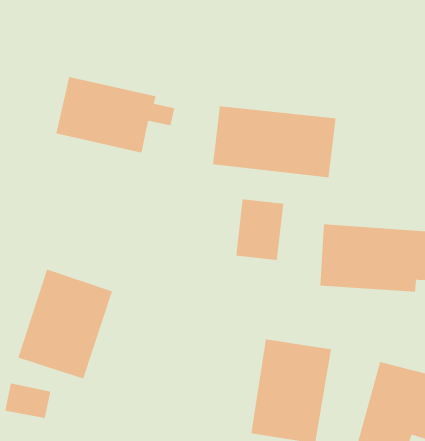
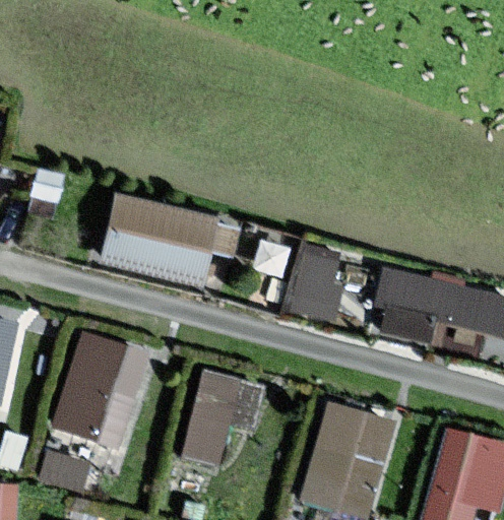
building: [55,76,175,153] -> [105,209,235,292]
building: [213,105,336,178] -> none
building: none -> [184,374,257,464]

